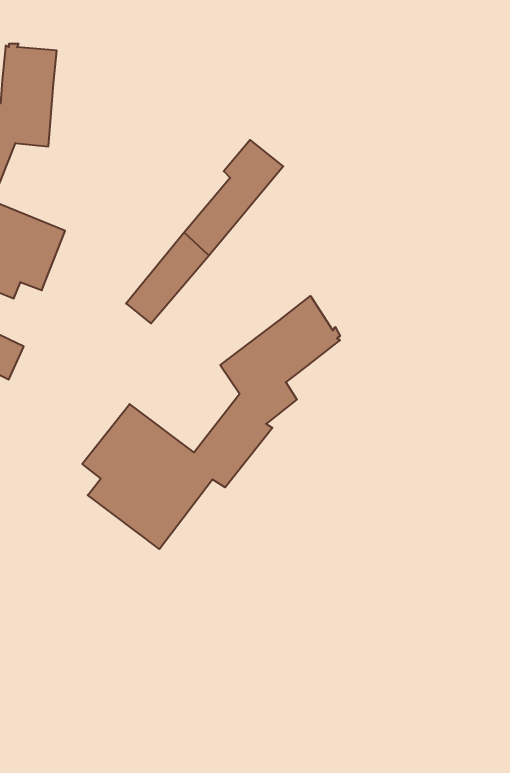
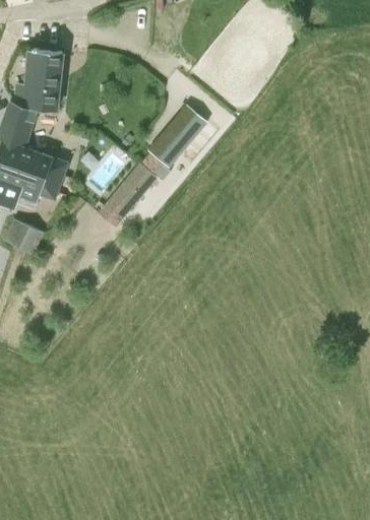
building: [82,296,340,549] -> none

